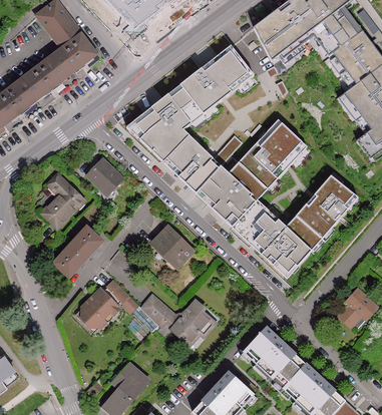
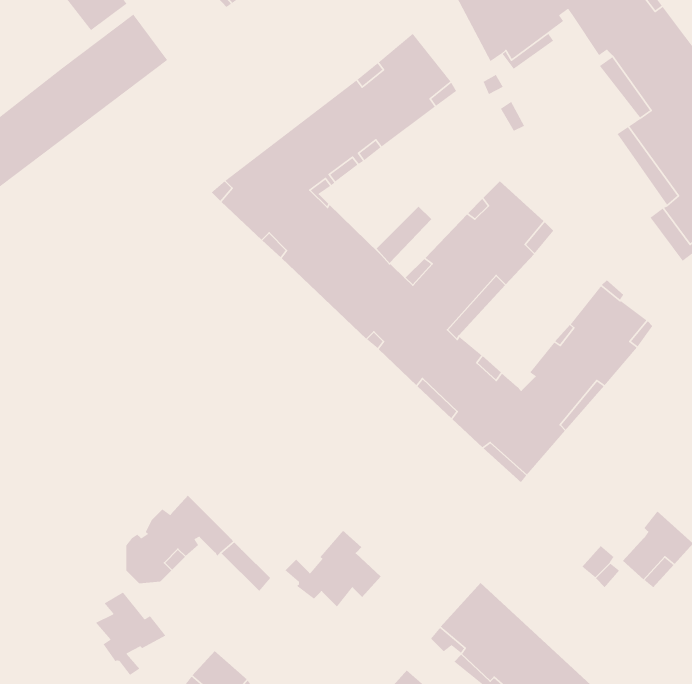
building: [87,161,121,196] -> none
building: [41,177,81,229] -> none
building: [151,227,192,266] -> none
building: [55,229,103,278] -> none
building: [142,297,170,327] -> none
building: none -> [95,592,167,676]

